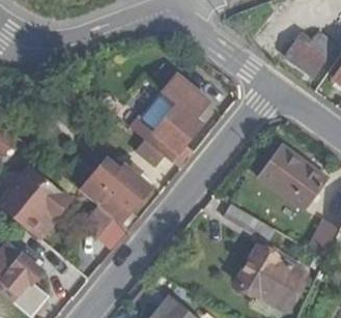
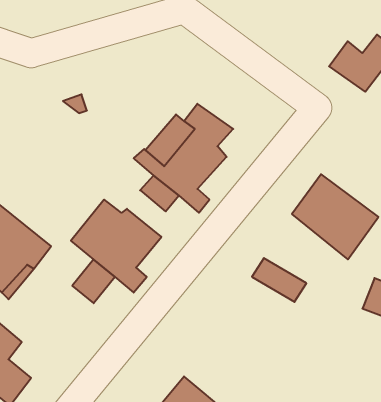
building: [235,243,307,312] -> none

